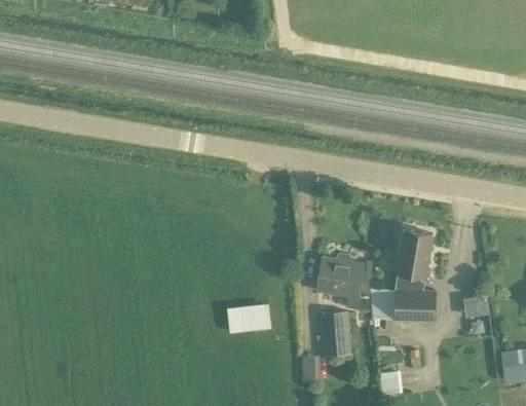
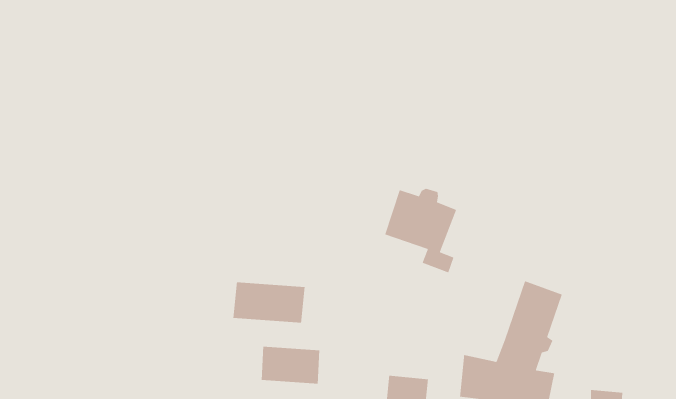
building: [316,253,369,310] -> [384,188,457,274]
building: none -> [232,281,306,323]

